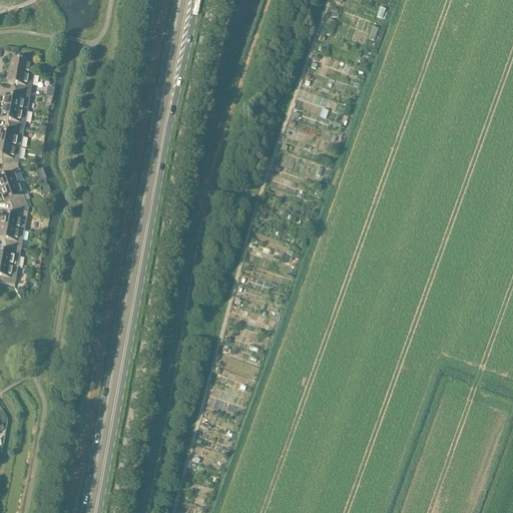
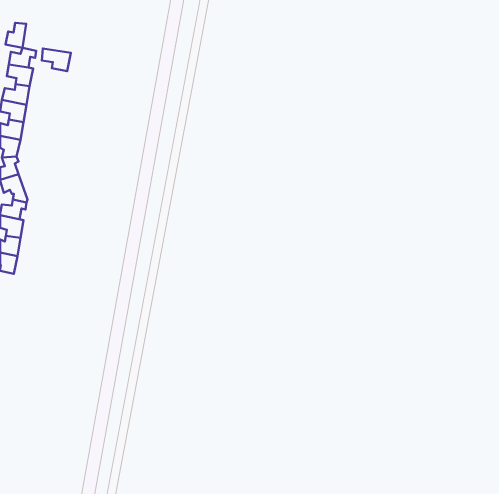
building: none -> [6,23,26,48]
building: none -> [42,49,71,71]

